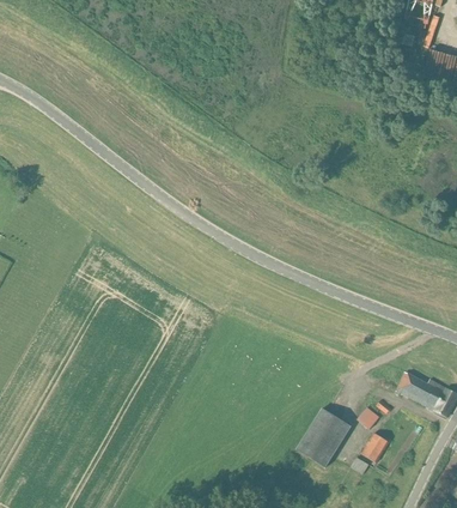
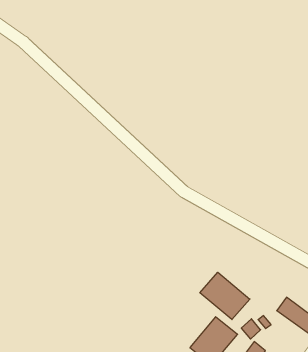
building: none -> [200,272,250,320]

